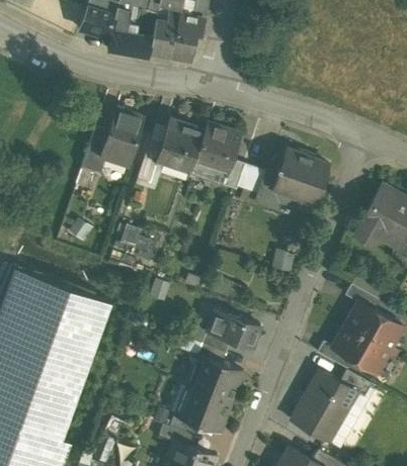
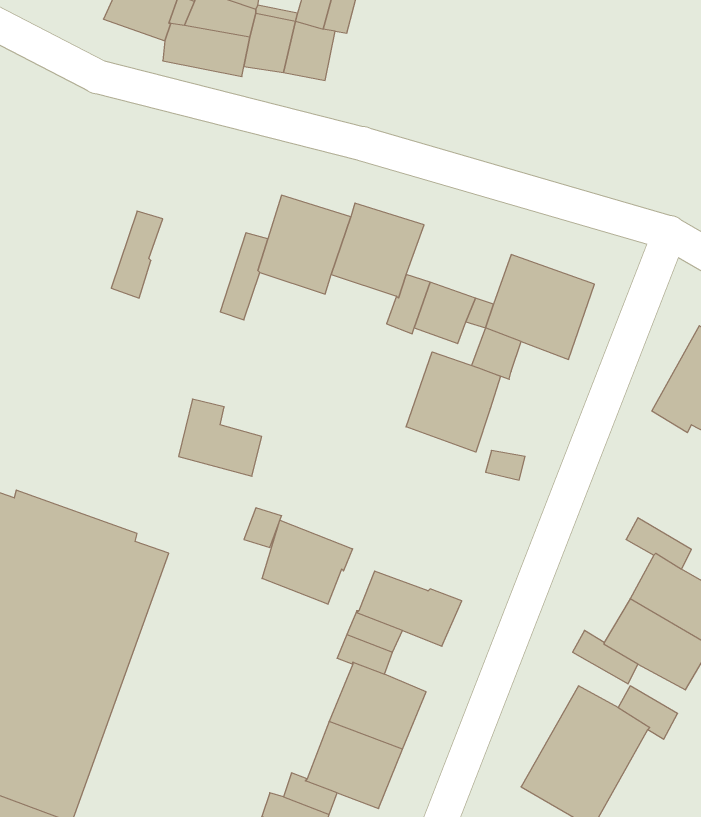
building: [100,110,144,162] -> none
building: none -> [406,352,500,452]
building: none -> [262,520,353,604]

